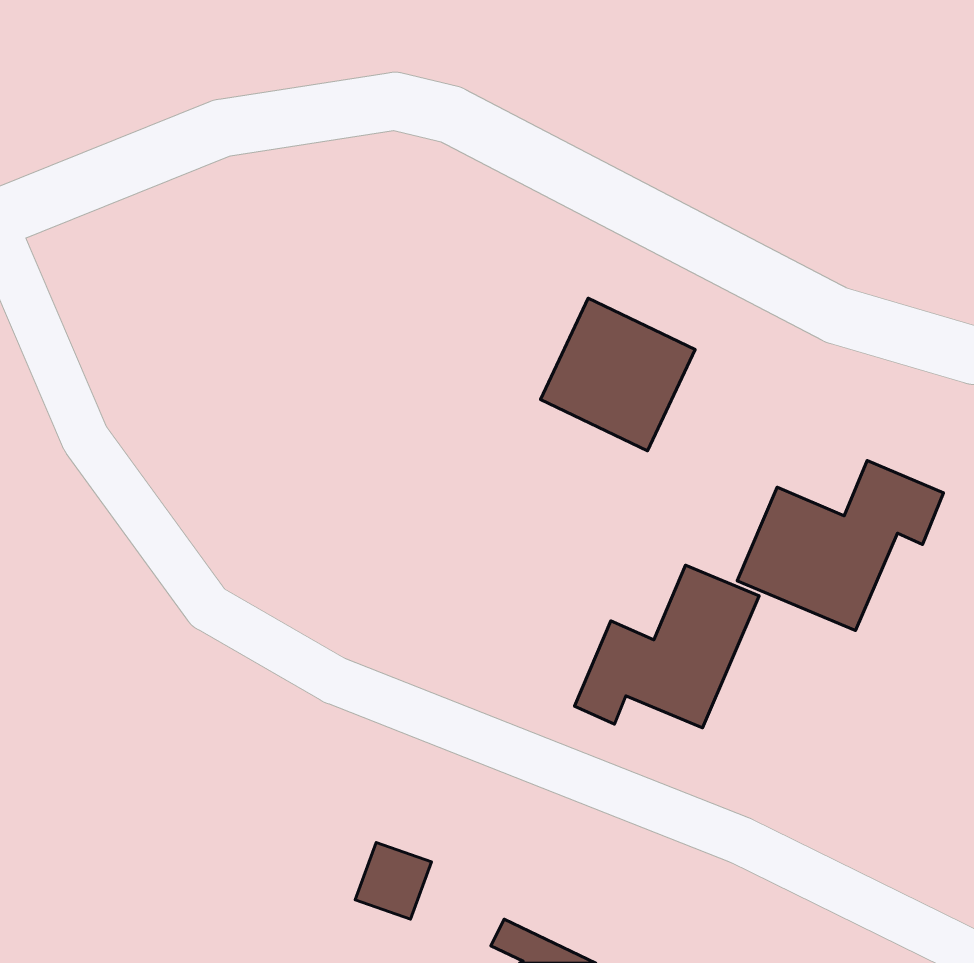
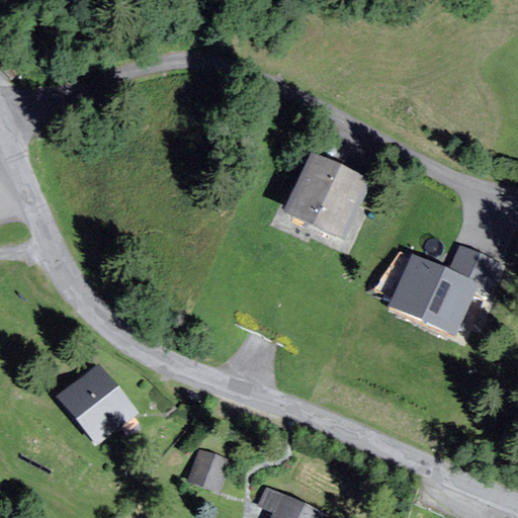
building: [574,565,759,728] -> none
building: none -> [60,364,134,440]

